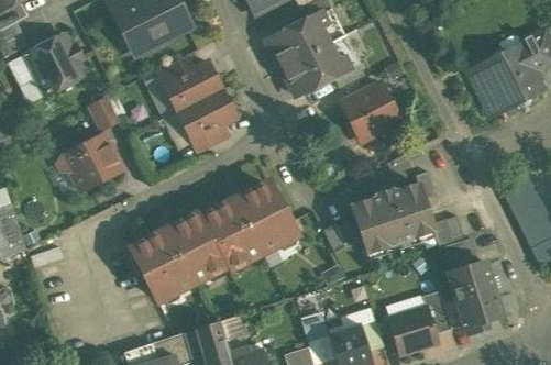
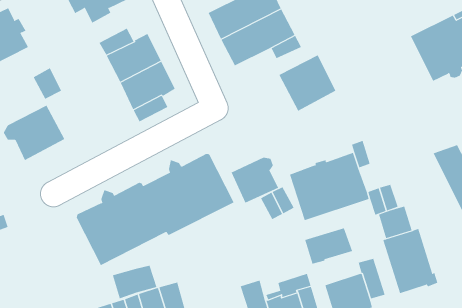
building: none -> [231,157,279,204]
building: none -> [304,227,353,264]
building: none -> [112,265,157,299]

